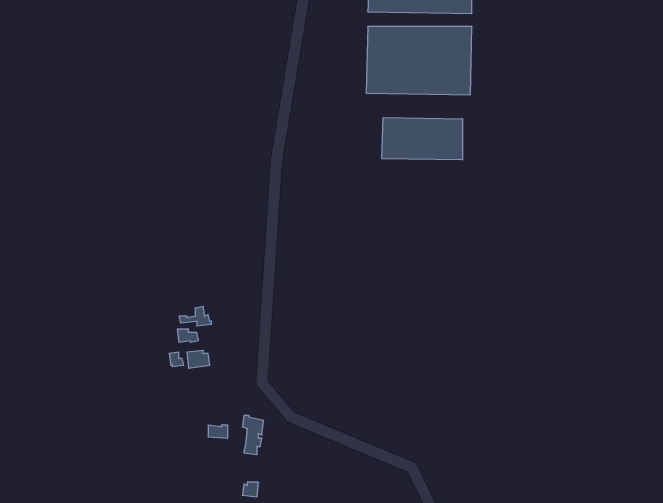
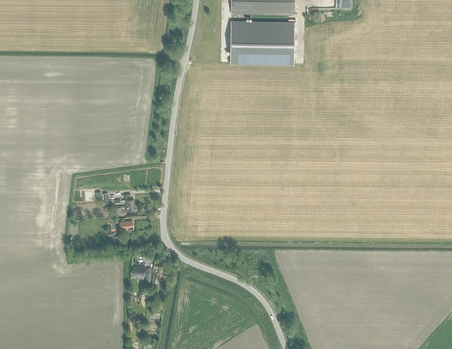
building: [382,118,462,160] -> none

